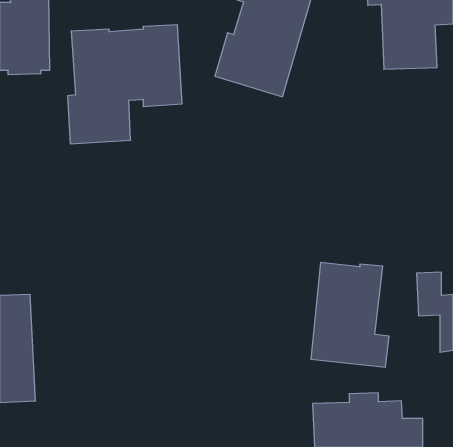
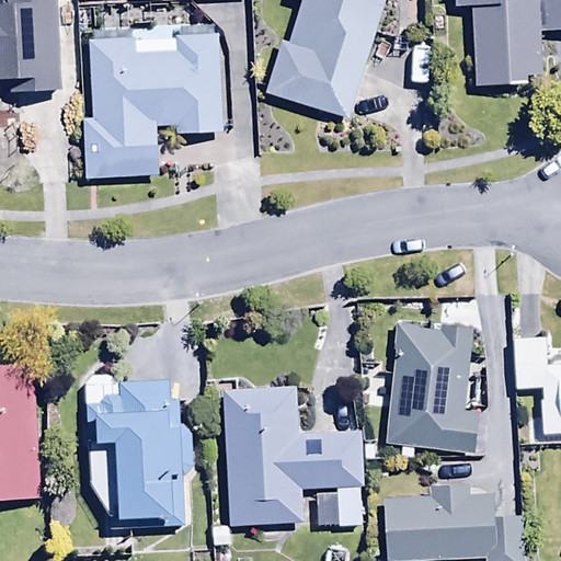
building: none -> [88,373,194,526]
building: none -> [225,385,366,526]

